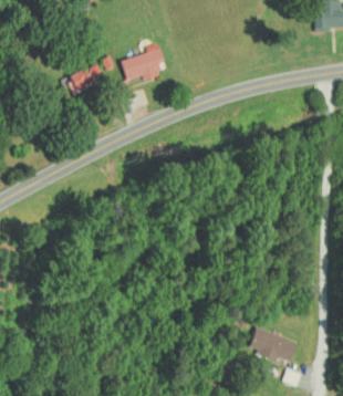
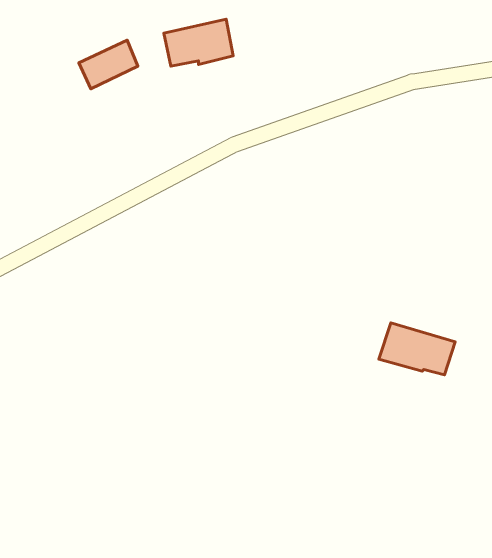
building: [248,329,297,362] -> [379,323,455,375]

